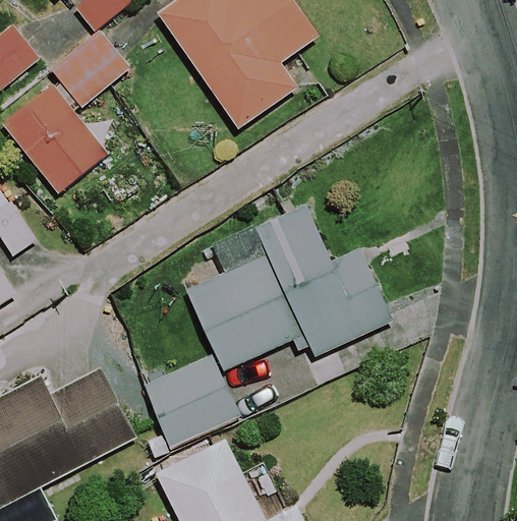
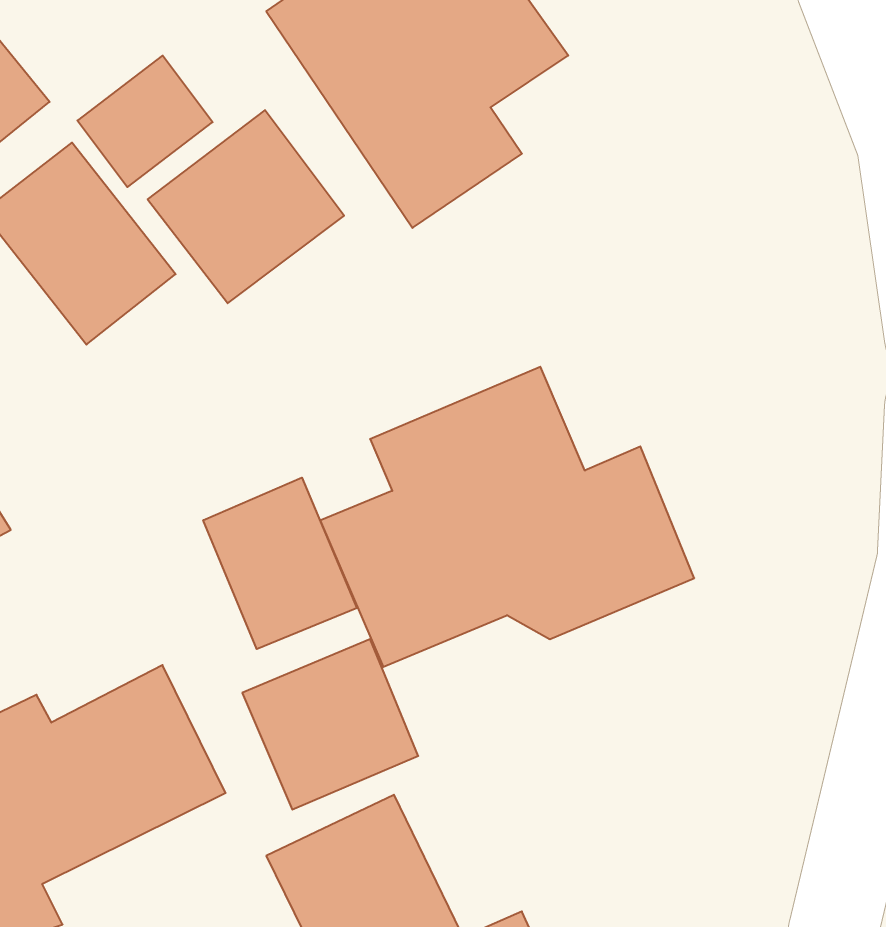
building: none -> [148,110,344,303]
building: none -> [203,478,357,649]

